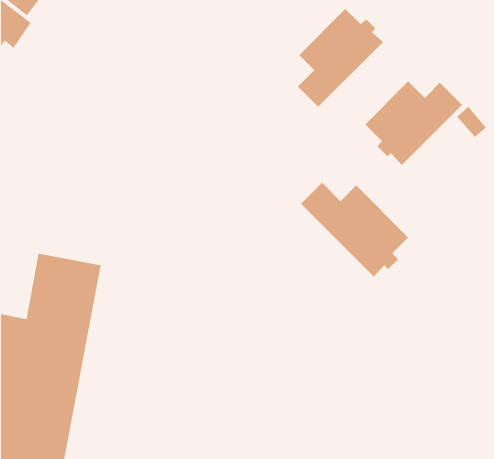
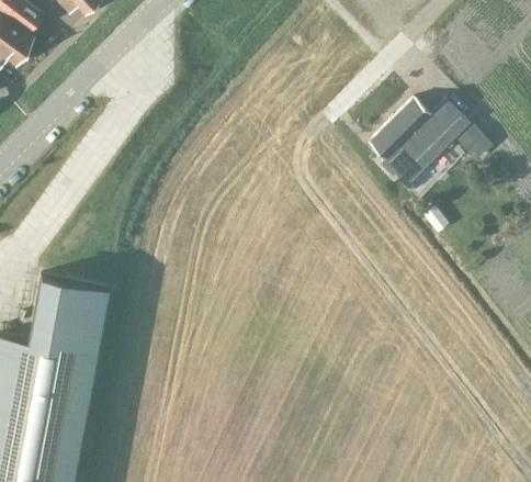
building: [297,8,384,108] -> none
building: [300,182,409,278] -> none

